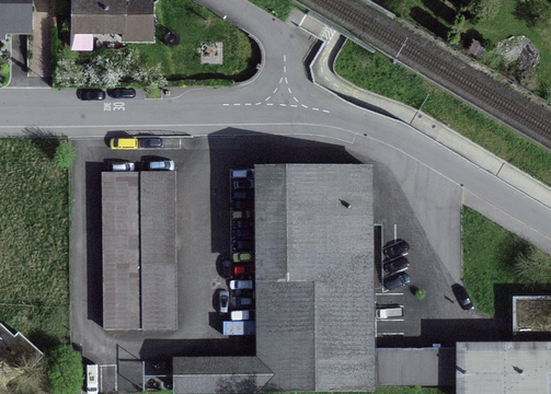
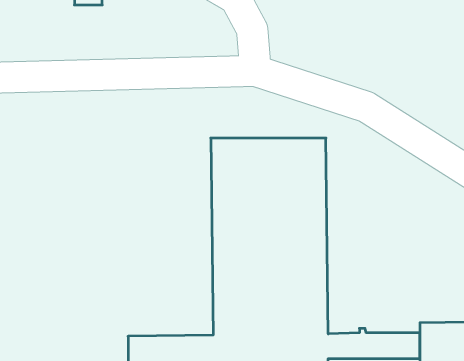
building: [102,171,173,329] -> none

